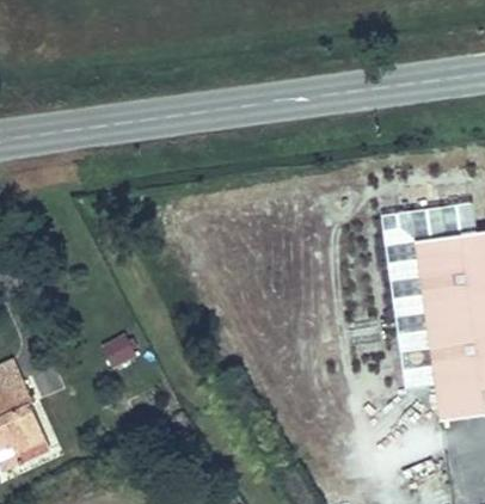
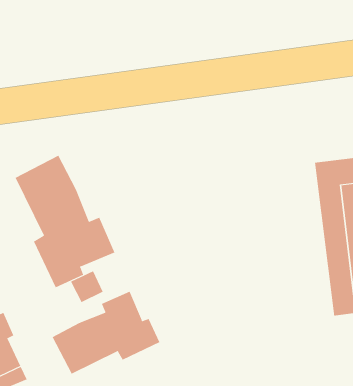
building: none -> [15,155,115,288]
building: none -> [52,291,160,375]

